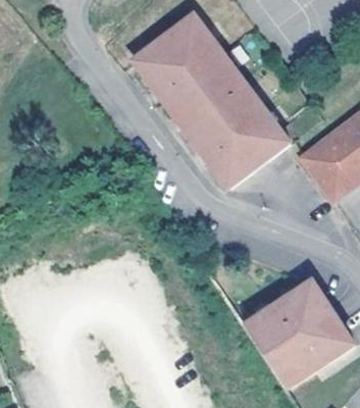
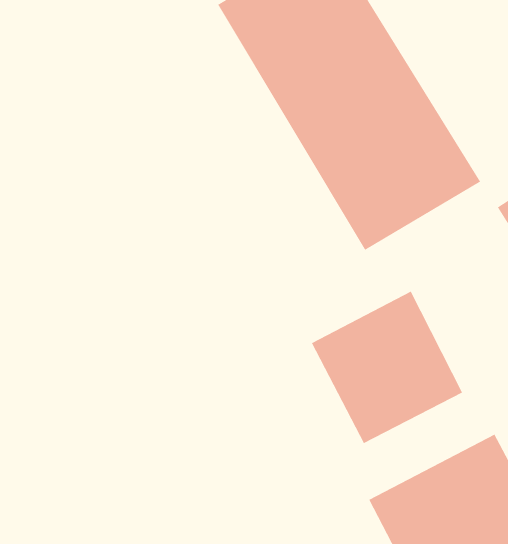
building: none -> [311,290,463,444]

